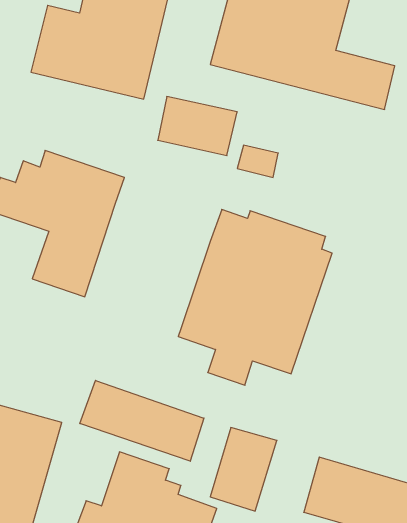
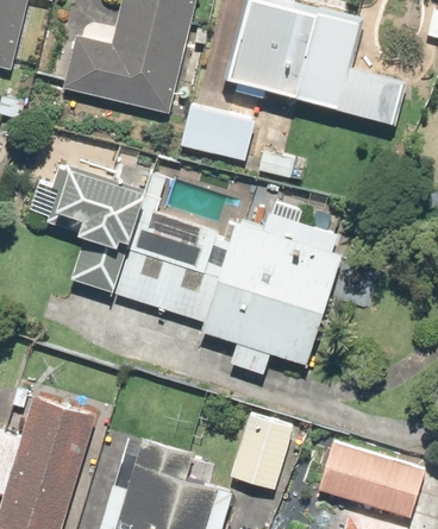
building: none -> [114,208,231,325]
building: [80,380,204,461] -> none

